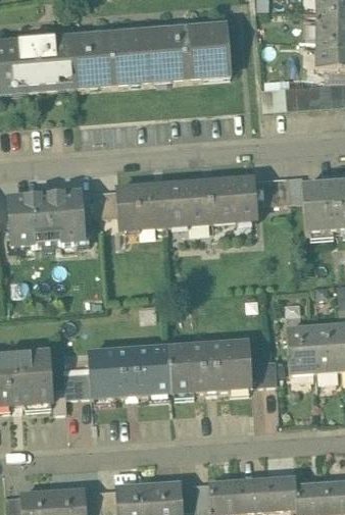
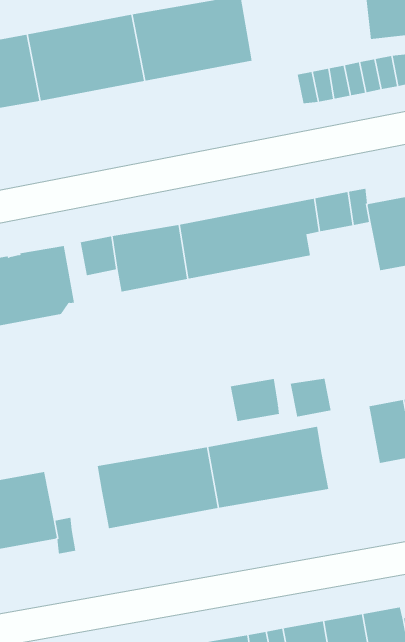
building: none -> [230,378,279,422]
building: [249,359,277,384] -> [290,378,331,417]
building: [62,370,90,396] -> none

